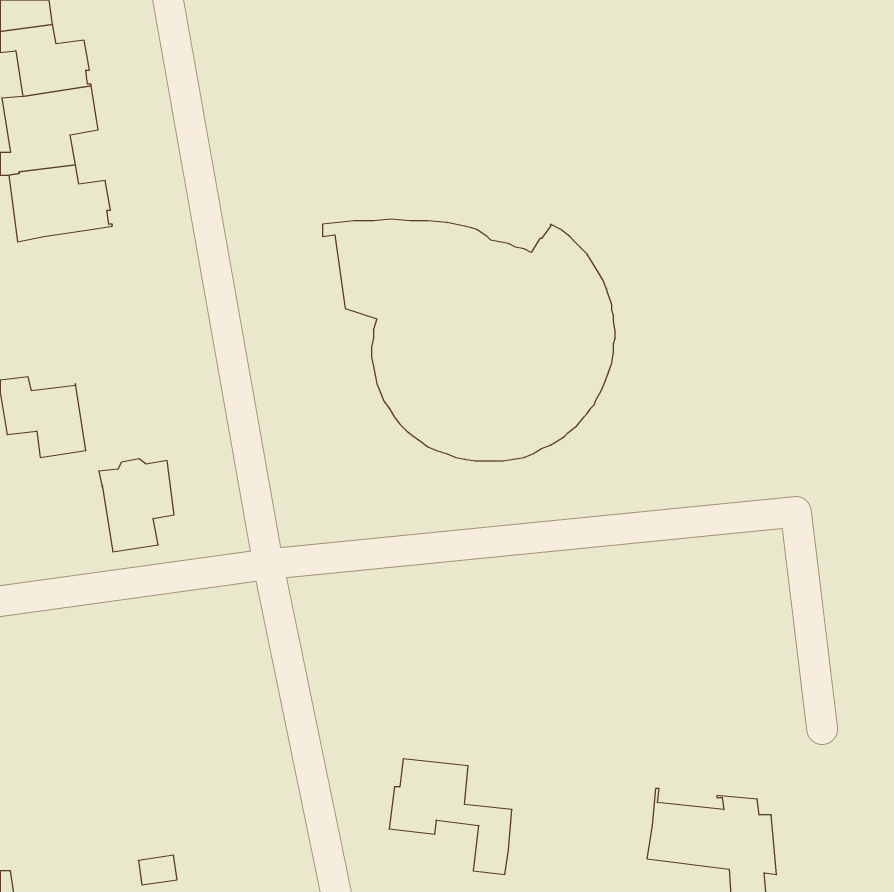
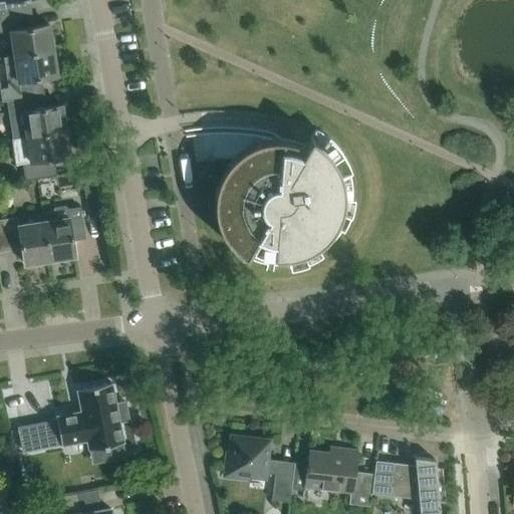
building: none -> [21,132,69,182]
building: [99,459,174,552] -> [42,207,85,260]
building: none -> [19,383,128,452]
building: none -> [292,448,373,507]

